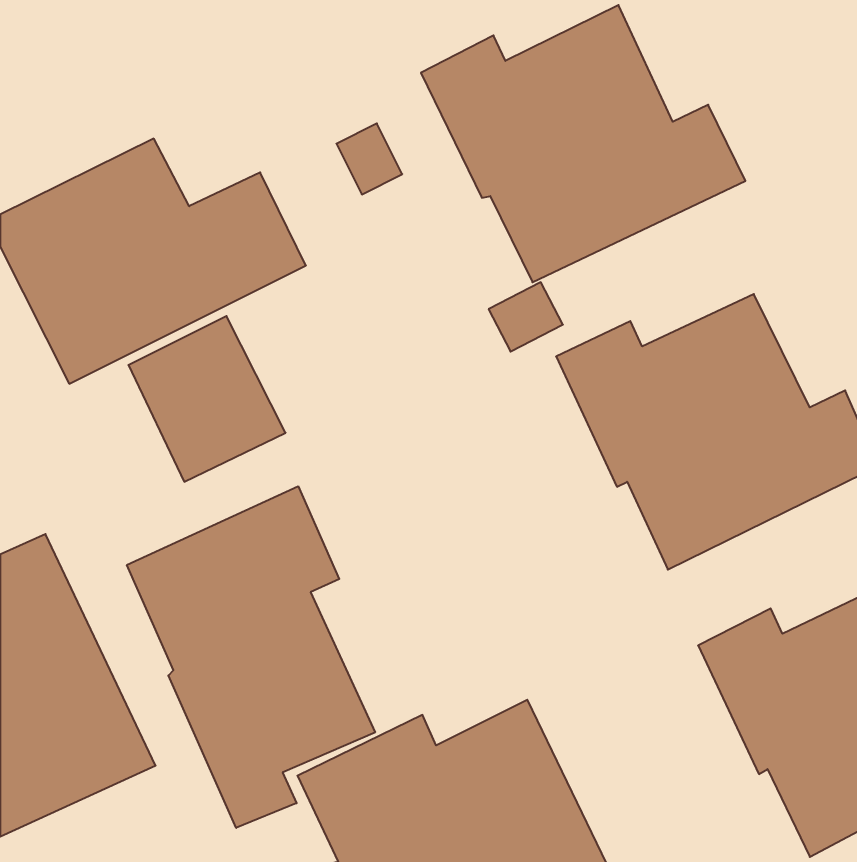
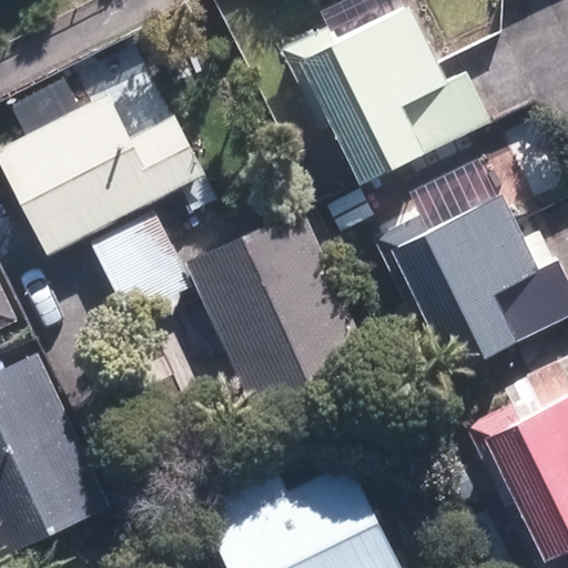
building: none -> [183,205,372,417]
building: [127,486,375,828] -> none

